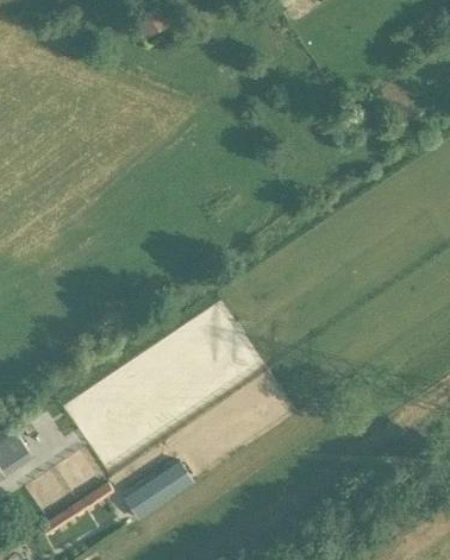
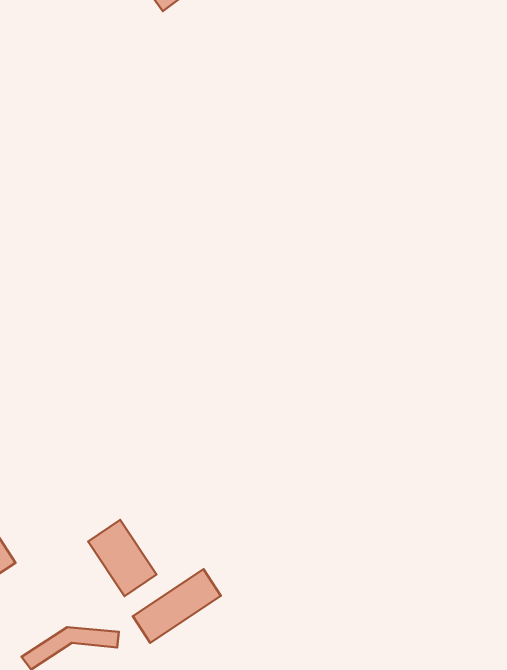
building: none -> [88,520,157,596]

